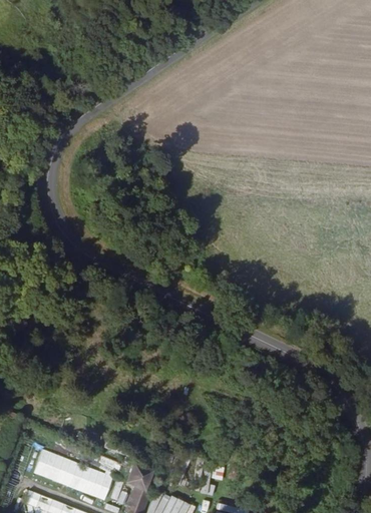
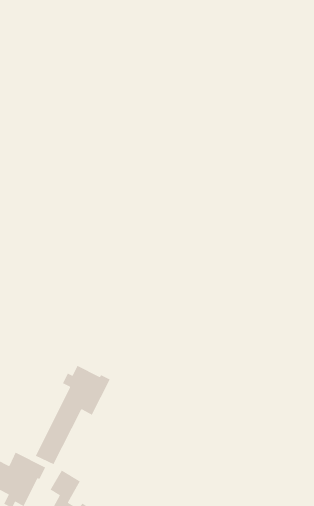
building: none -> [35,365,111,465]

